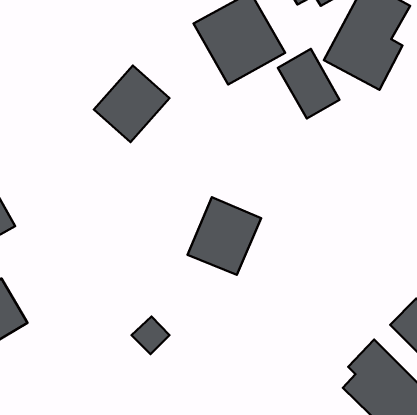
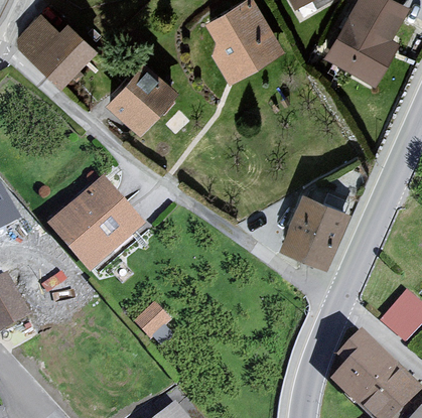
building: none -> [18,17,97,84]
building: [278,49,340,119] -> none
building: none -> [46,176,144,274]
building: [188,197,261,275] -> [274,194,344,269]

